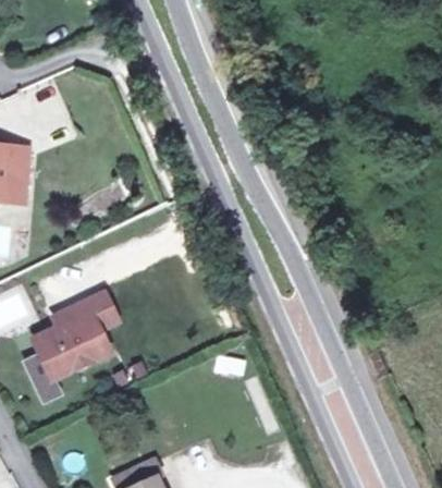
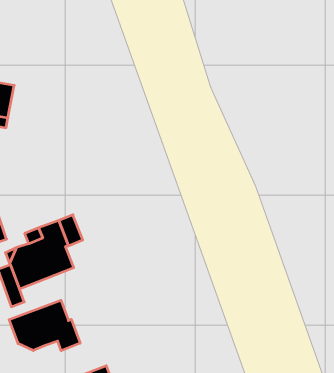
building: none -> [9,300,80,351]

